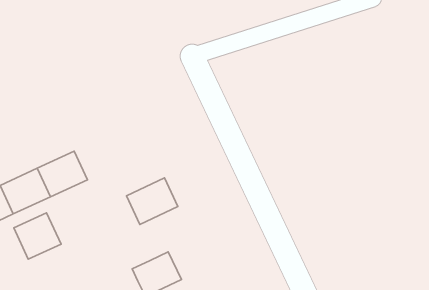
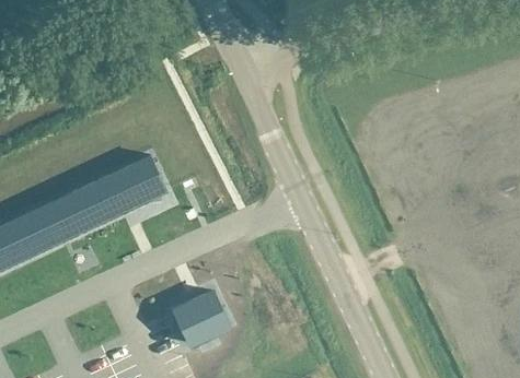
building: [126,178,178,224] -> [106,158,165,212]
building: [14,213,61,259] -> none

